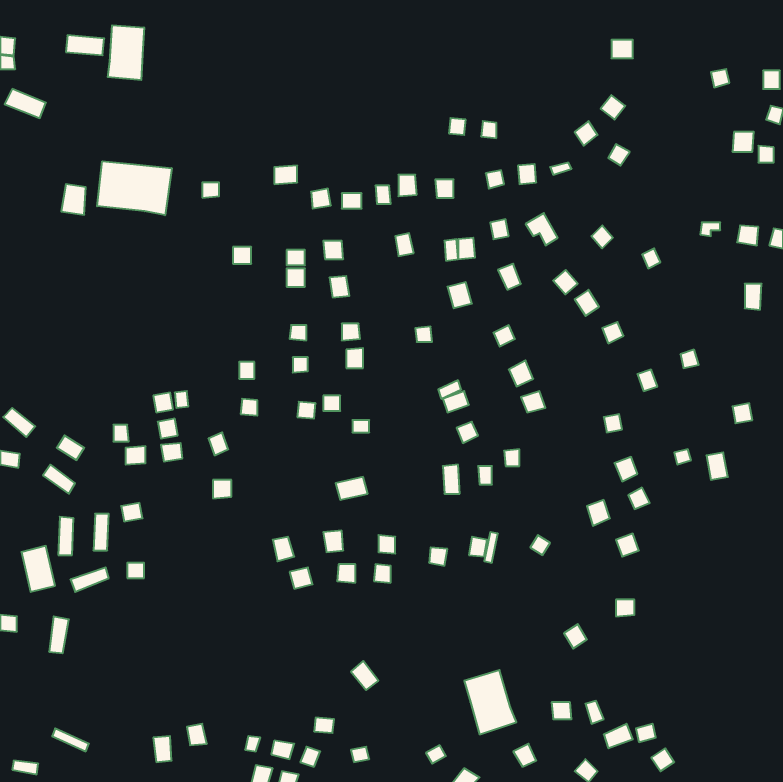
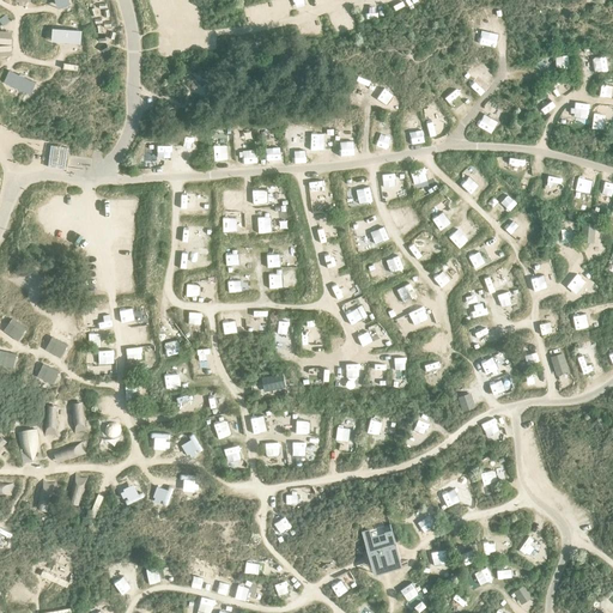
building: [108,25,144,80] -> none
building: [97,161,172,215] -> none

